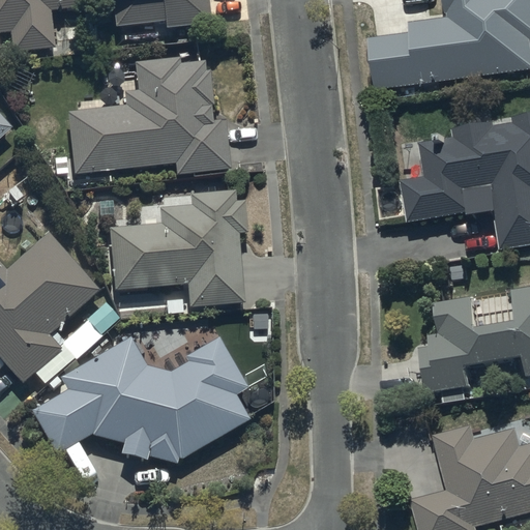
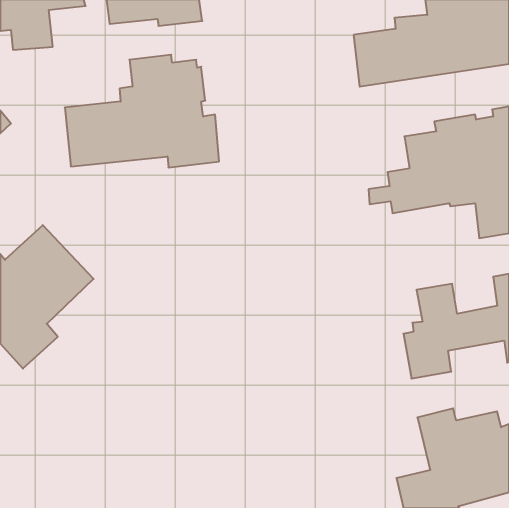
building: [109,190,245,307] -> none
building: [32,337,247,464] -> none

